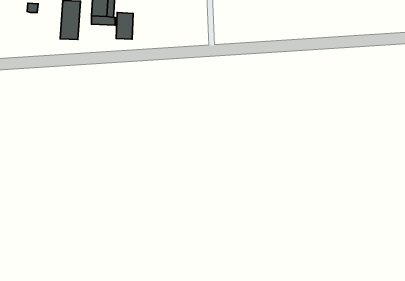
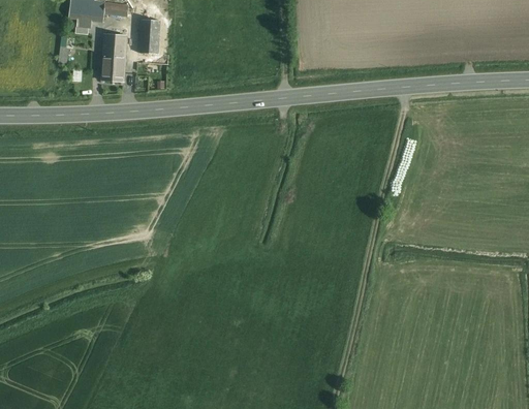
building: [116,13,133,39] -> none

